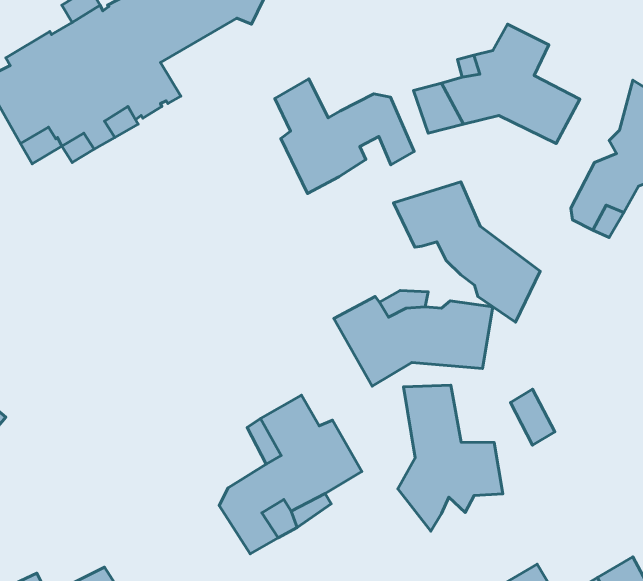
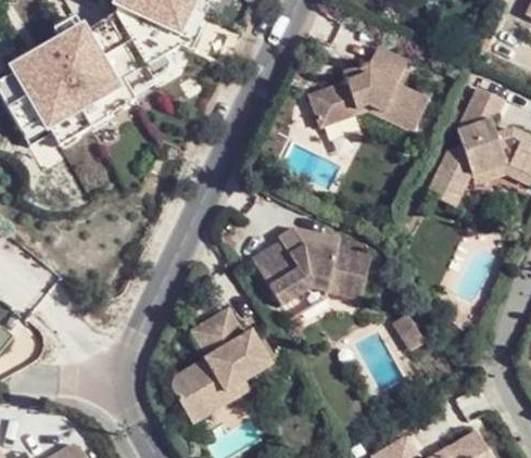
building: [275,79,414,193] -> none
building: [394,182,540,322] -> none
building: [398,385,503,531] -> none

